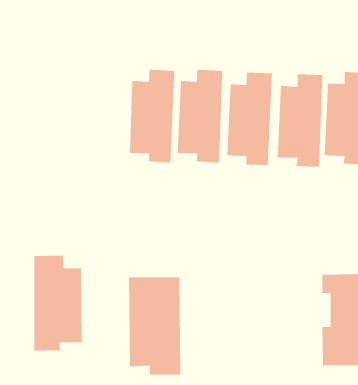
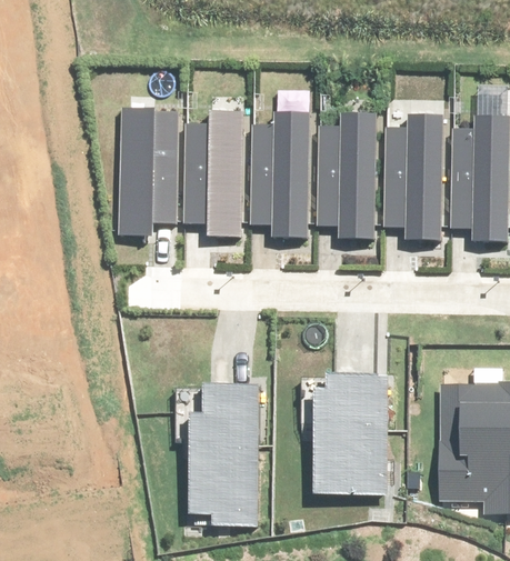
building: none -> [119,110,181,233]
building: [34,255,82,352] -> none
building: none -> [309,382,384,492]

